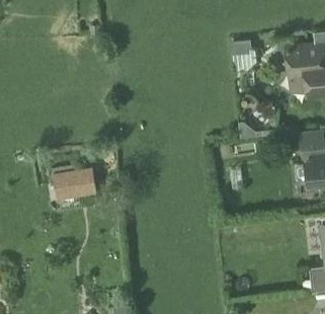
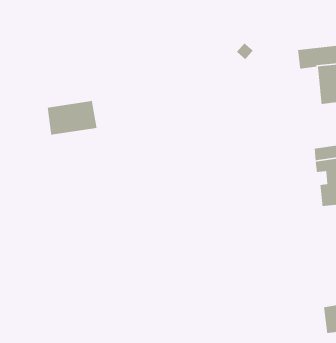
building: [52,168,95,199] -> [47,100,97,135]

